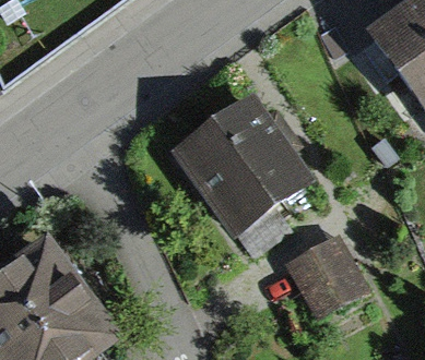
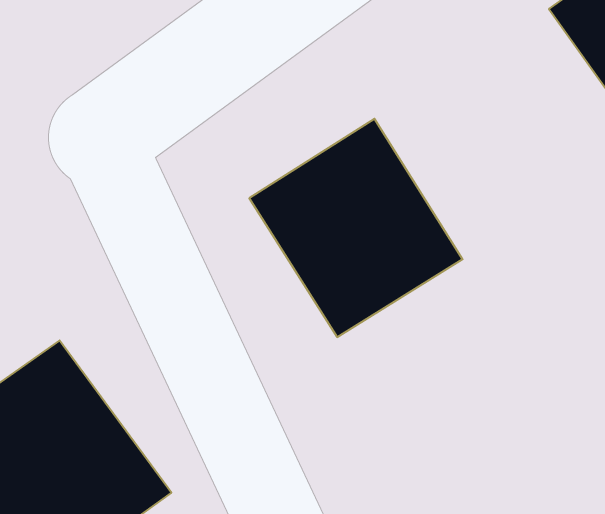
building: [288,233,370,315] -> none

